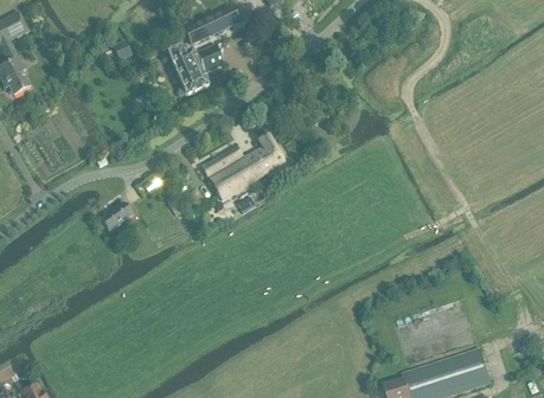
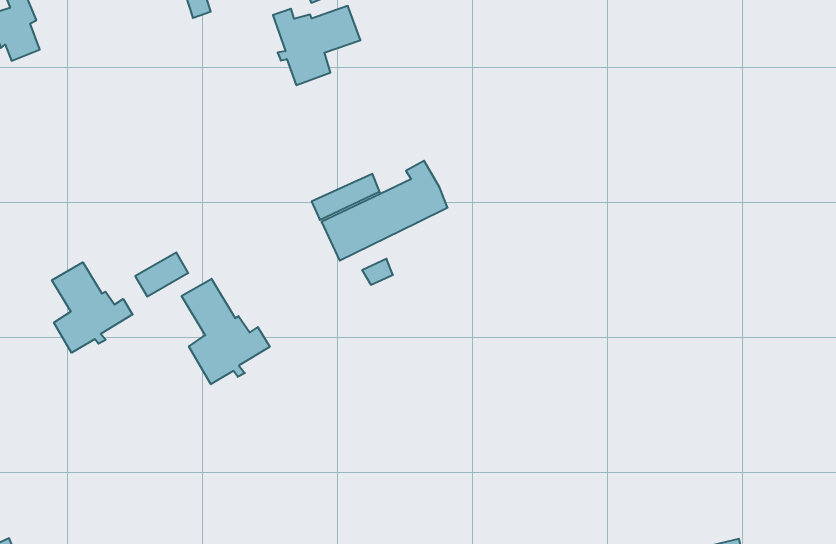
building: none -> [52,262,133,353]
building: none -> [182,279,270,384]

